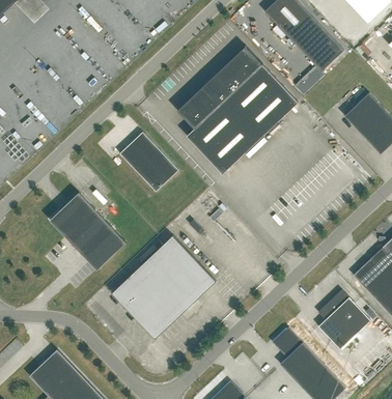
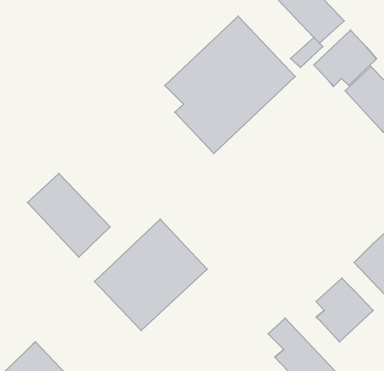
building: none -> [314,30,377,86]
building: [119,132,178,191] -> none

